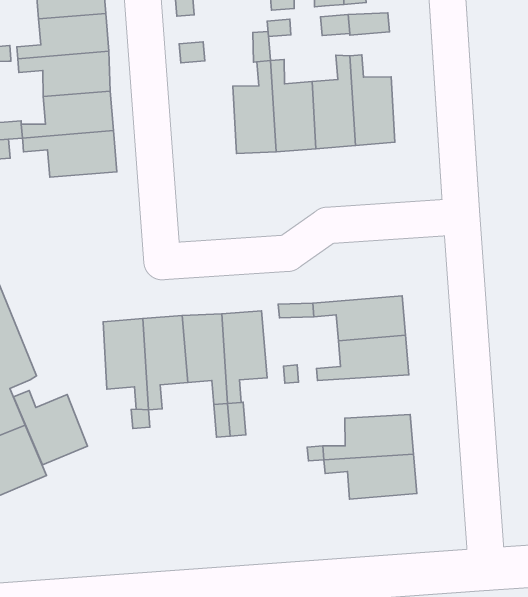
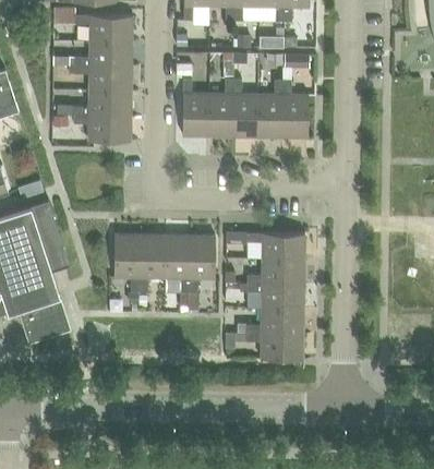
building: none -> [182,77,208,135]
building: none -> [246,282,304,309]
building: [13,390,88,465] -> none

